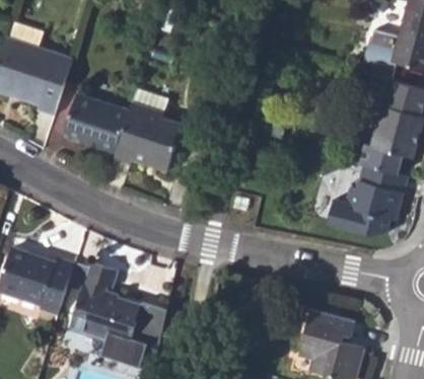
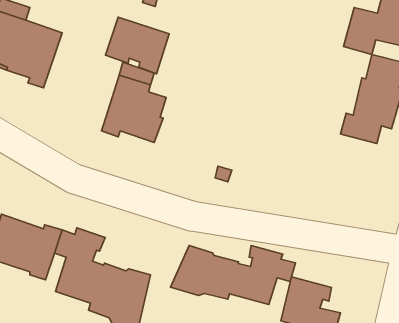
building: [63,94,129,153] -> [106,17,169,74]
building: [329,163,408,235] -> none
building: none -> [171,246,295,305]

